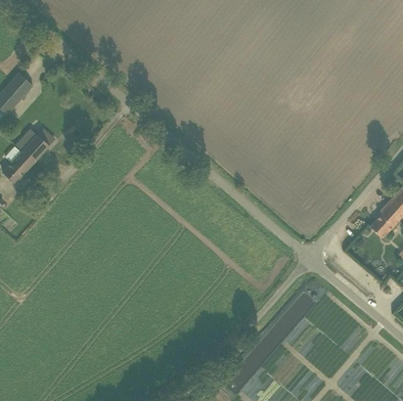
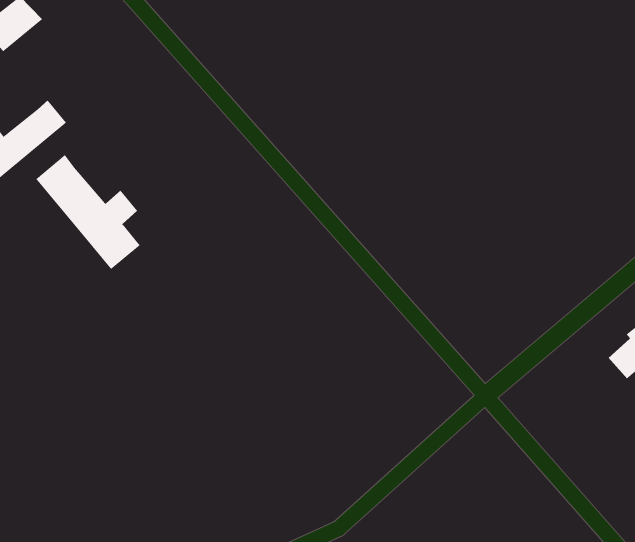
building: none -> [36,154,140,270]

